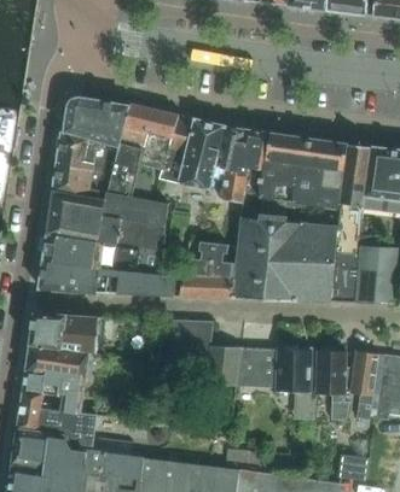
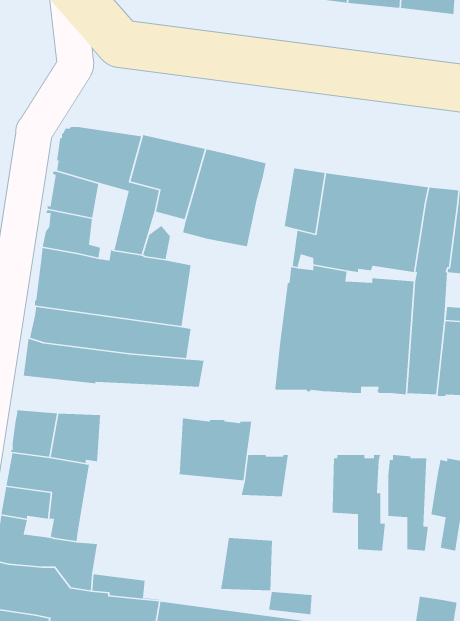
building: [216,125,247,204] -> none
building: [178,240,233,297] -> none
building: [234,346,274,387] -> [220,537,273,591]

